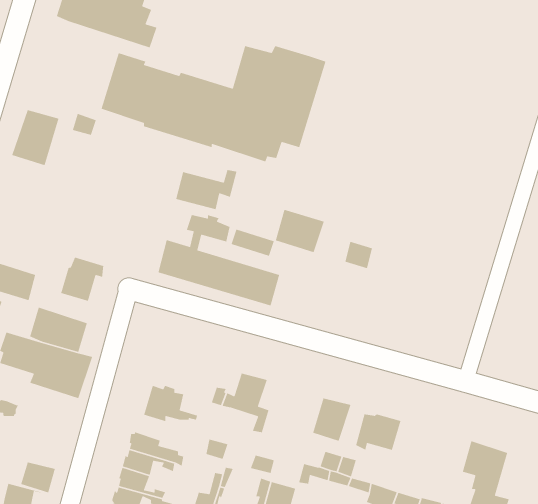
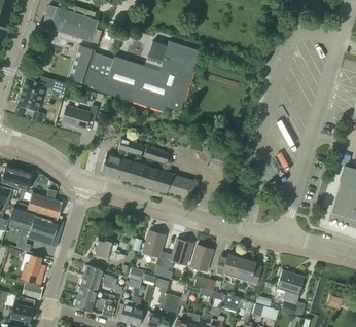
building: [175,169,238,210] -> [63,106,99,130]
building: [275,209,325,253] -> [168,175,197,201]
building: [60,257,104,302] -> none
building: none -> [163,240,193,268]
building: none -> [22,255,45,285]
building: none -> [238,259,261,286]

